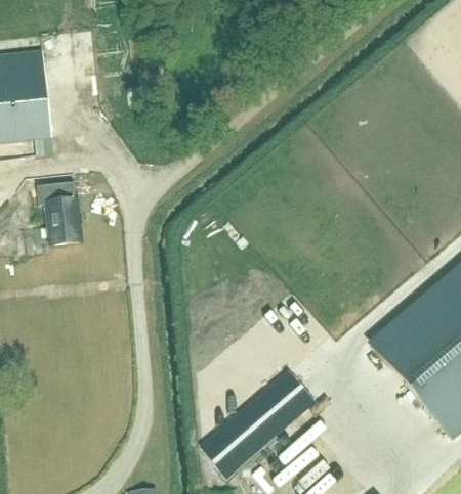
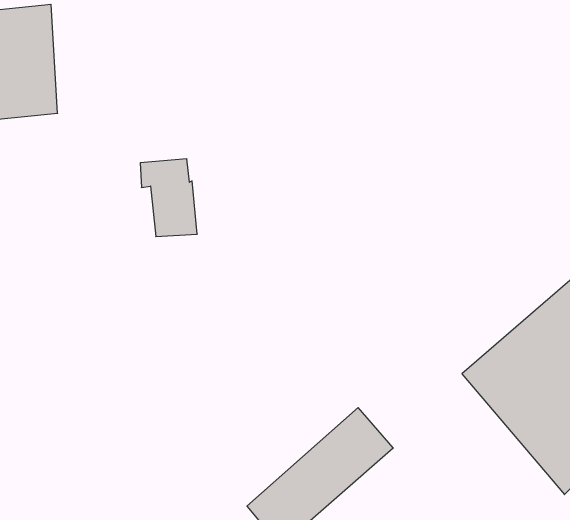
building: [36,181,81,242] -> [140,159,197,237]

